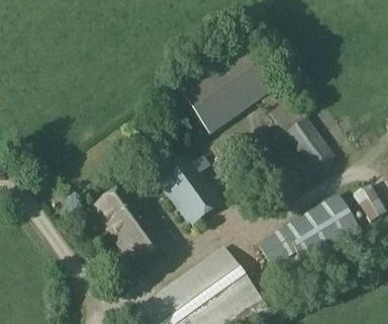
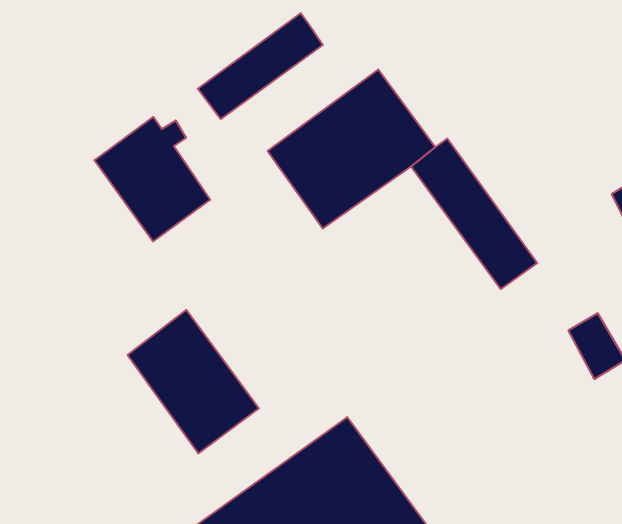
building: none -> [198,13,323,119]
building: [157,152,224,225] -> [94,117,210,241]
building: [257,192,361,266] -> none

